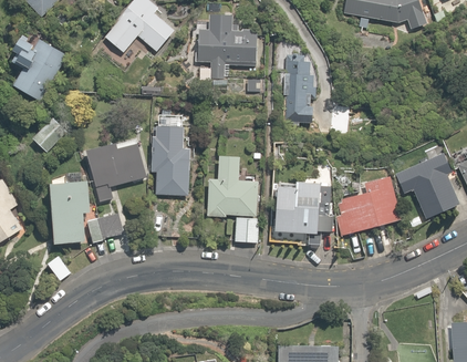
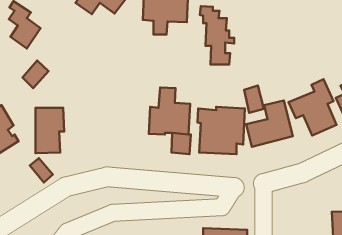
building: [153,125,193,195] -> none
building: [84,137,147,204] -> none
building: none -> [244,86,264,113]
building: [85,210,127,244] -> none

